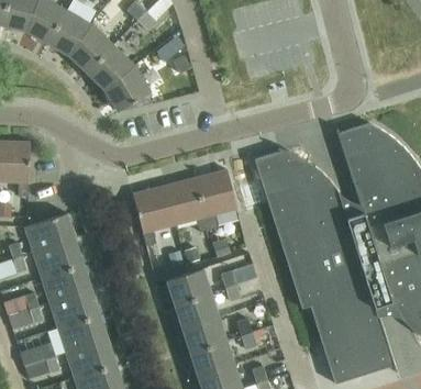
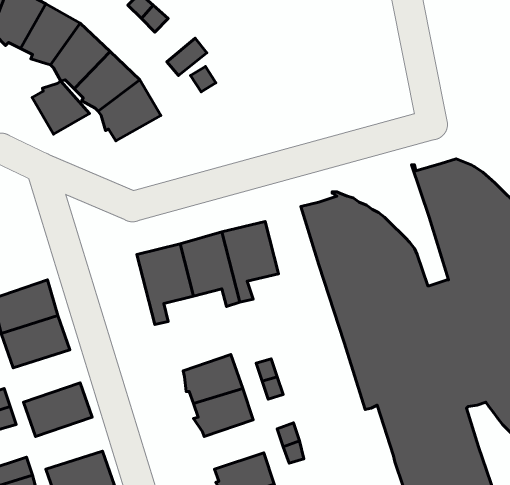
building: none -> [32,81,89,134]
building: [42,265,91,303] -> none
building: [58,314,108,353] -> none
building: [182,316,226,353] -> none

